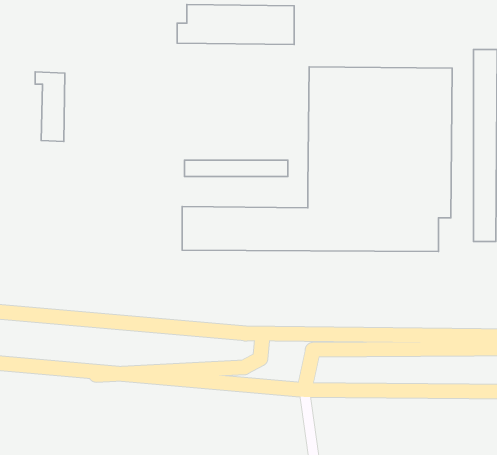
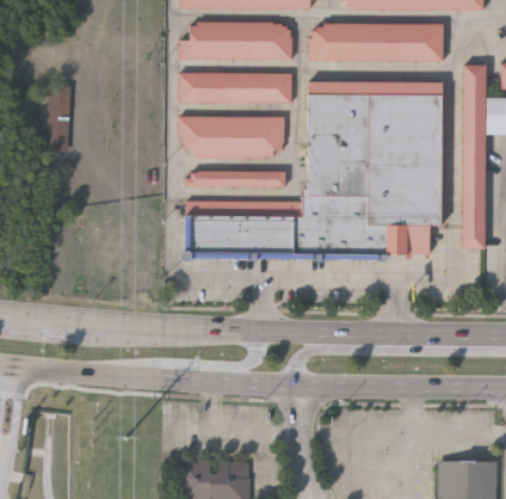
building: none -> [309,23,443,60]
building: none -> [178,73,291,103]
building: none -> [180,116,283,156]

